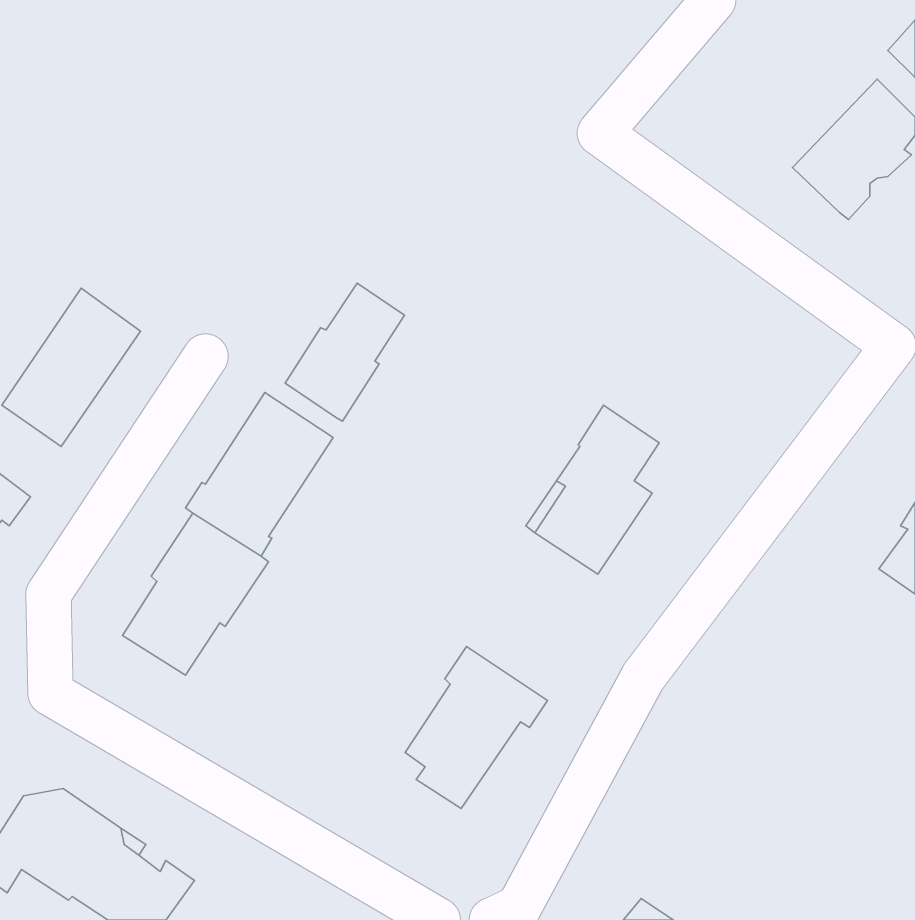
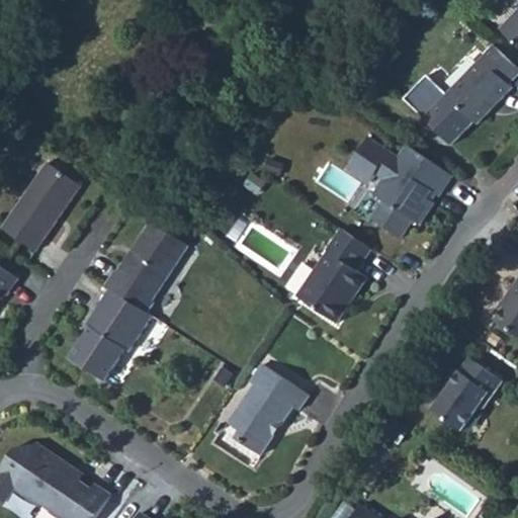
building: none -> [400,74,471,144]
building: none -> [347,137,450,237]
building: [285,283,404,421] -> none
building: none -> [431,356,502,430]

